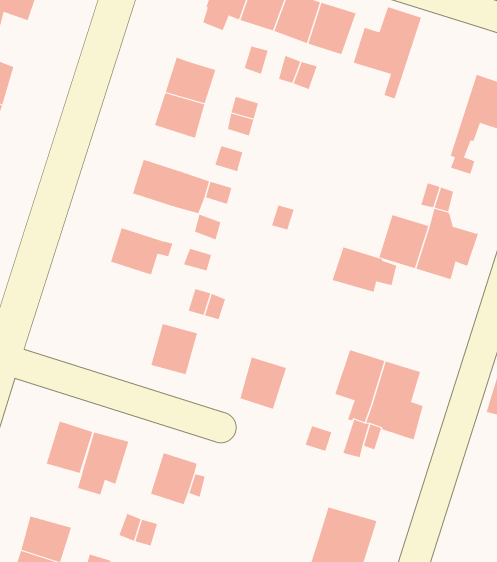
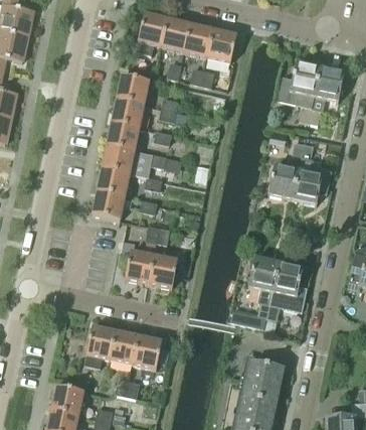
building: [353,7,422,99] -> [278,61,320,122]
building: none -> [107,121,140,150]
building: none -> [97,167,130,196]
building: [332,246,397,292] -> none
building: [239,357,287,410] -> [149,255,178,288]
building: [46,421,93,473] -> [110,330,139,364]

